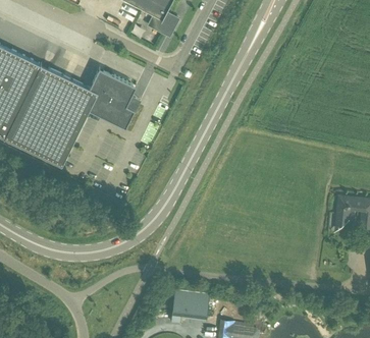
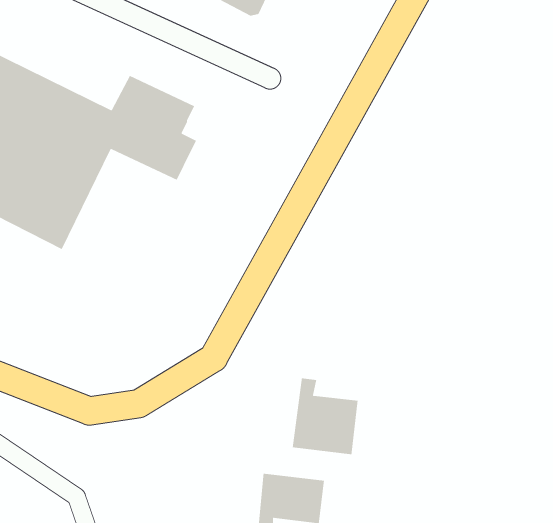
building: none -> [292,377,358,455]

